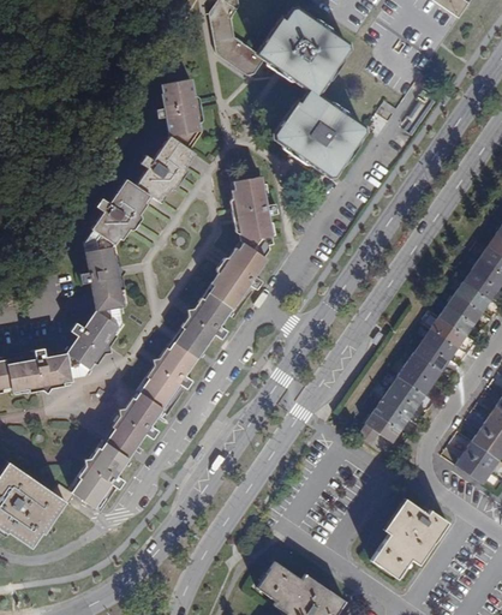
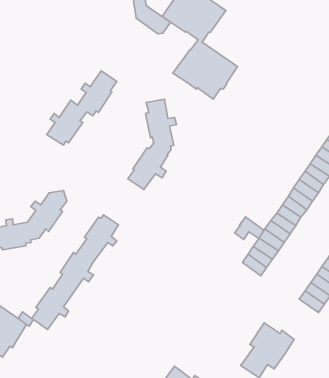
building: [156,80,199,149] -> none
building: [79,228,124,311] -> none
building: [174,291,232,357] -> none
building: [358,411,400,443] -> [235,217,264,239]

